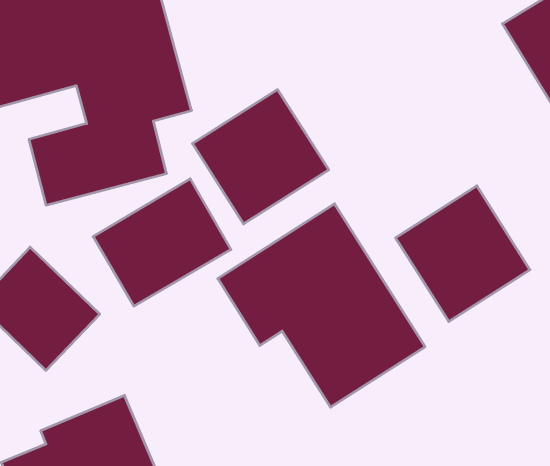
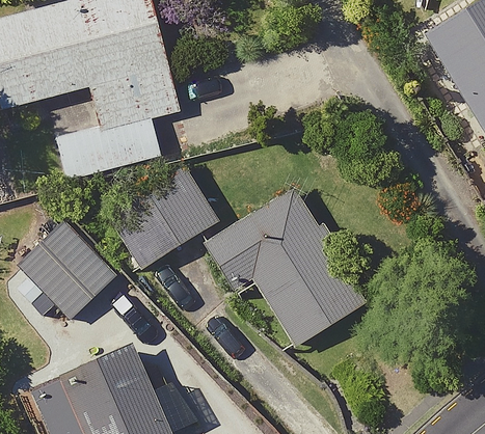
building: [192,90,329,224] -> none
building: [396,186,530,322] -> none

